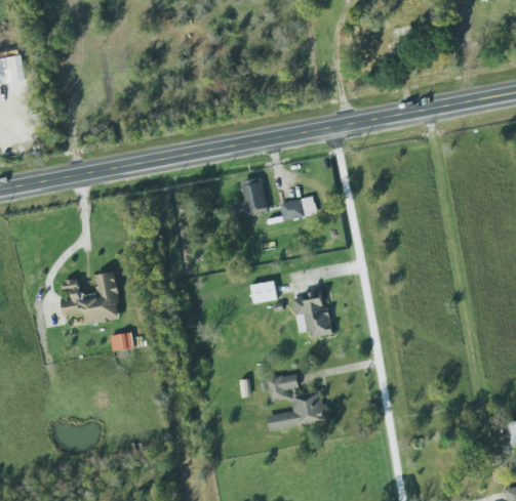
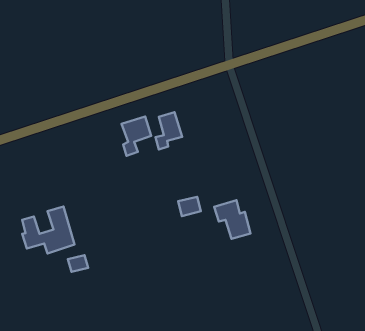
building: none -> [122,116,151,156]
building: [280,200,305,220] -> none
building: [260,374,327,430] -> none

